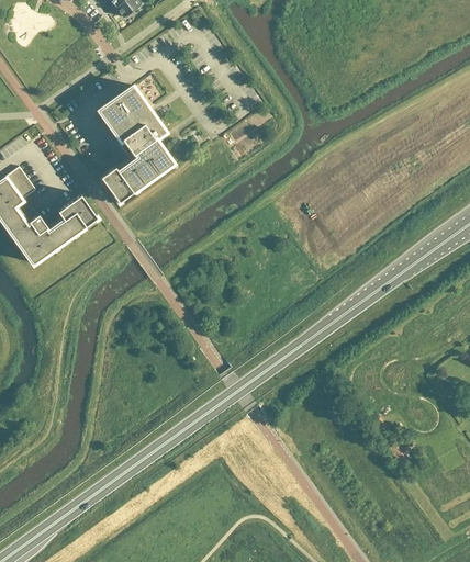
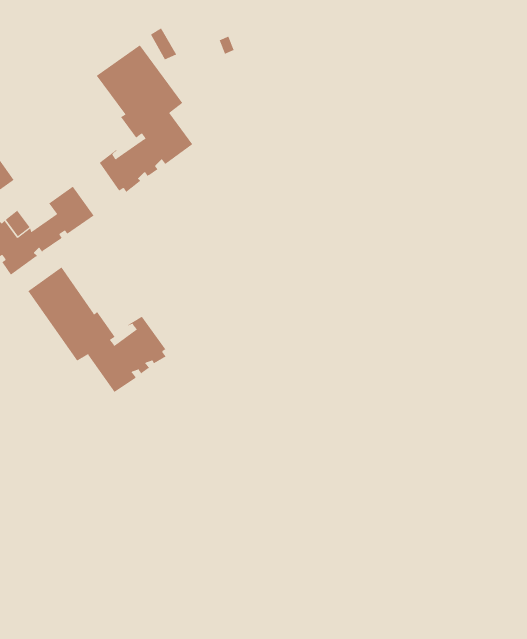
building: none -> [28,267,167,393]

